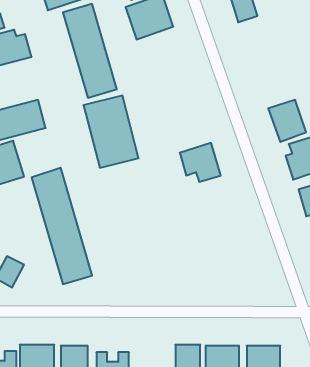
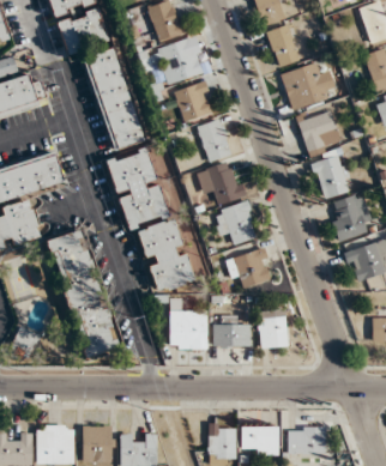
building: none -> [281,62,337,110]
building: none -> [174,81,216,123]
building: none -> [298,109,342,156]
building: none -> [197,119,233,163]
building: none -> [195,161,246,205]
building: none -> [139,218,193,292]
building: none -> [227,249,272,289]
building: none -> [170,298,207,350]
building: none -> [258,310,288,349]
building: none -> [213,325,251,347]

